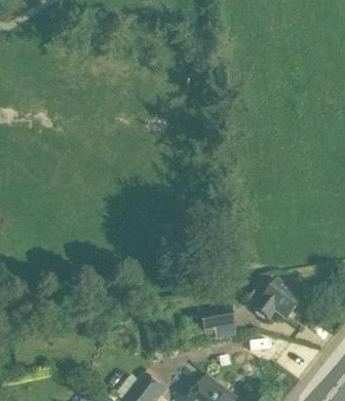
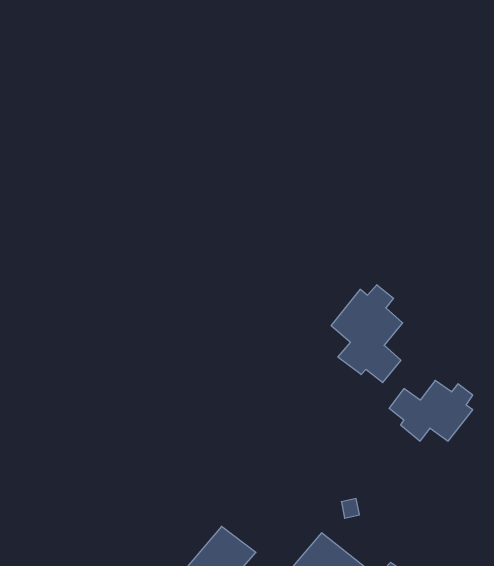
building: none -> [331,285,403,383]
building: [199,308,233,336] -> none

